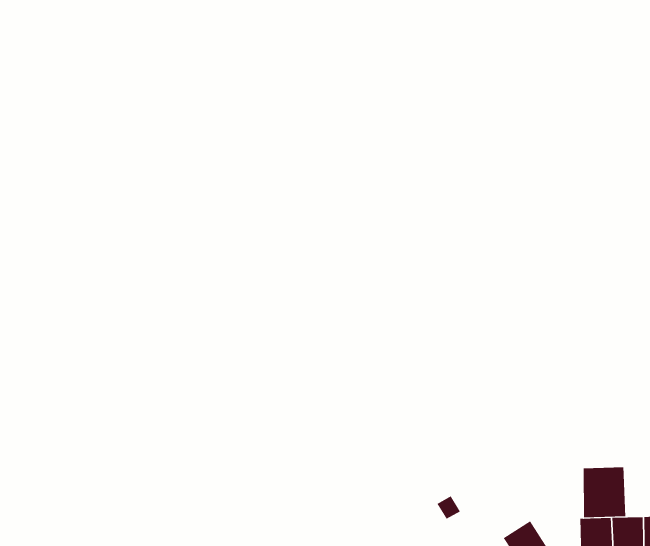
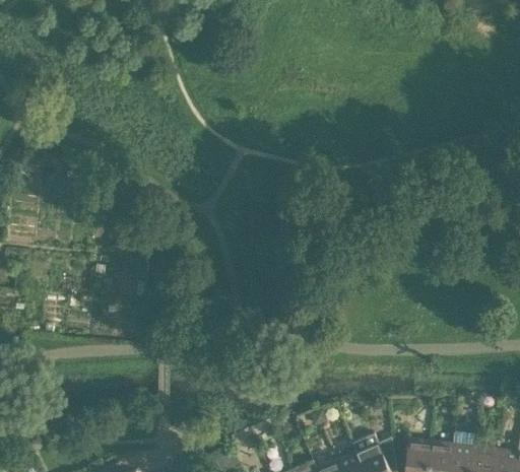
building: [583,466,626,518] -> none

